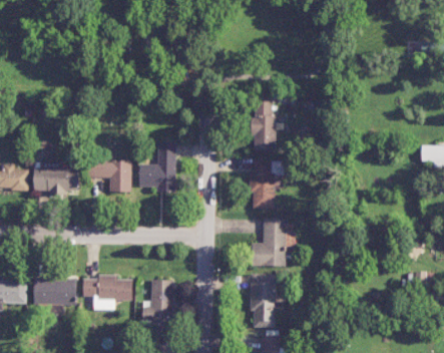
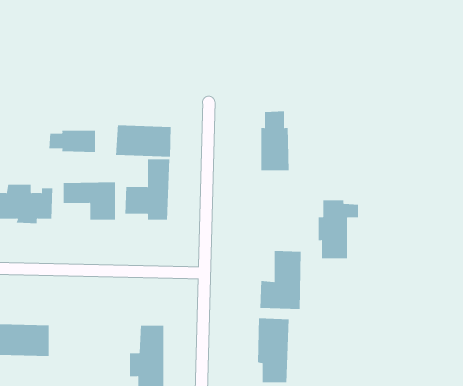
building: none -> [115,125,171,158]
building: none -> [49,130,96,153]
building: [249,158,283,208] -> [318,200,359,259]
building: [82,274,131,309] -> none

